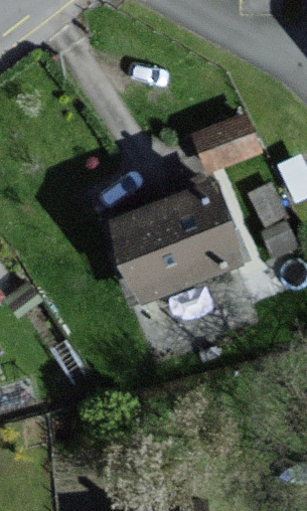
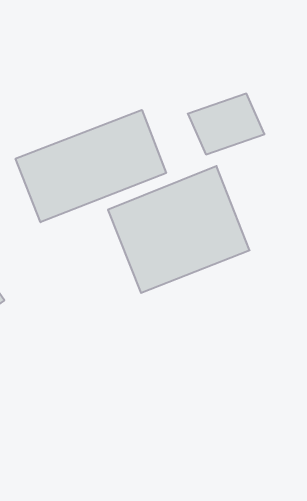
building: none -> [16,110,166,222]

